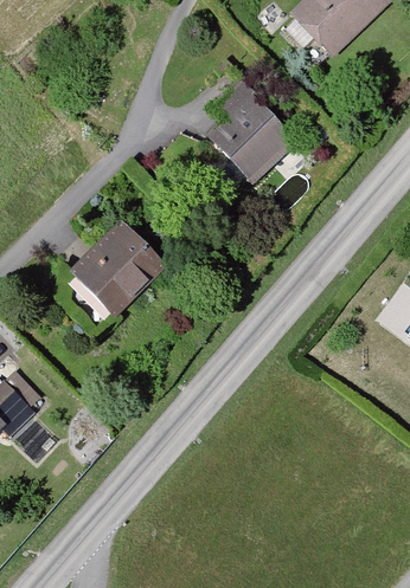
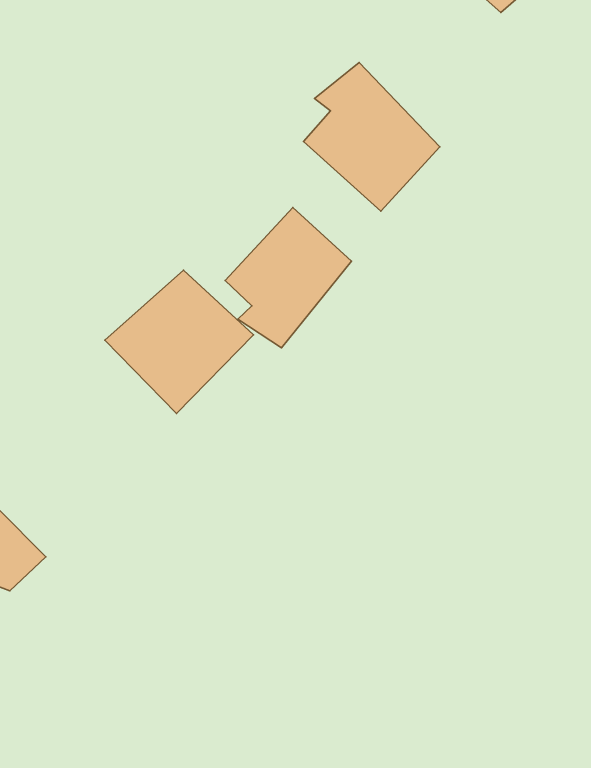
building: none -> [225,208,351,348]

